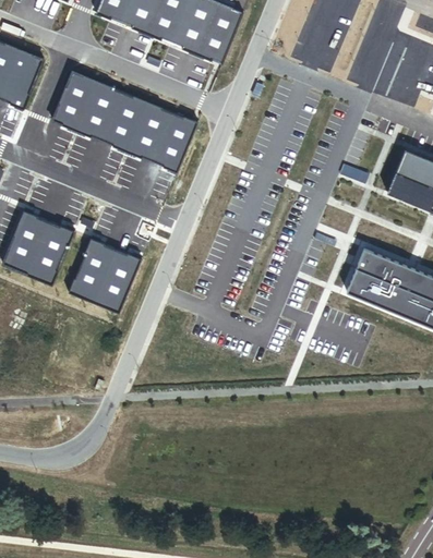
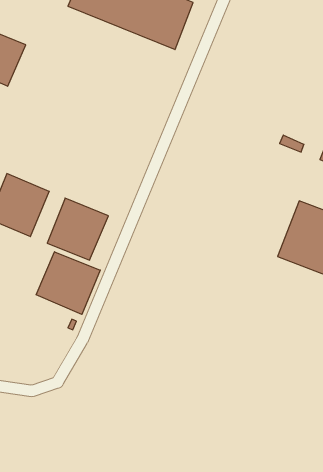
building: [52,70,197,170] -> none
building: none -> [36,252,100,314]

